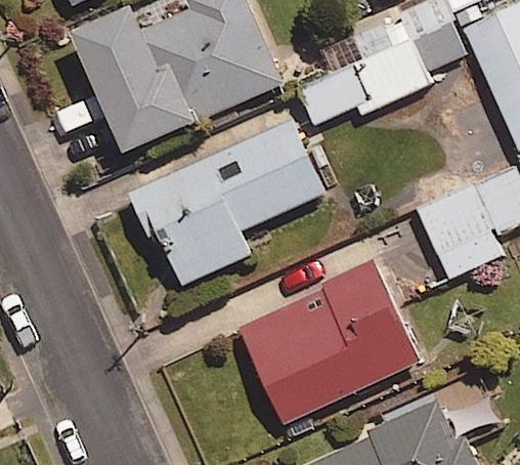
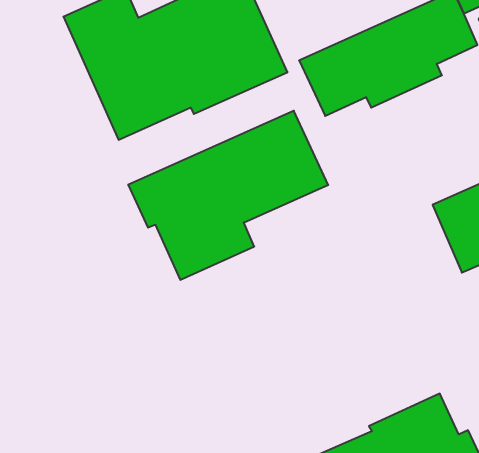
building: [235,261,418,424] -> none

